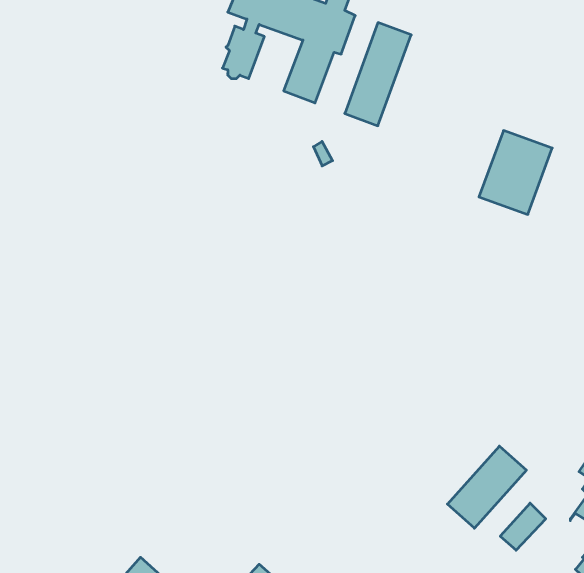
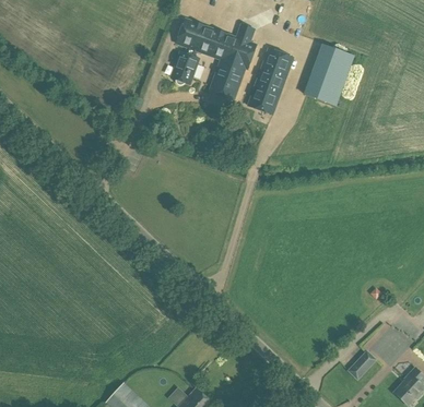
building: [479,131,552,214] -> [304,52,350,105]
building: [447,446,526,528] -> none

